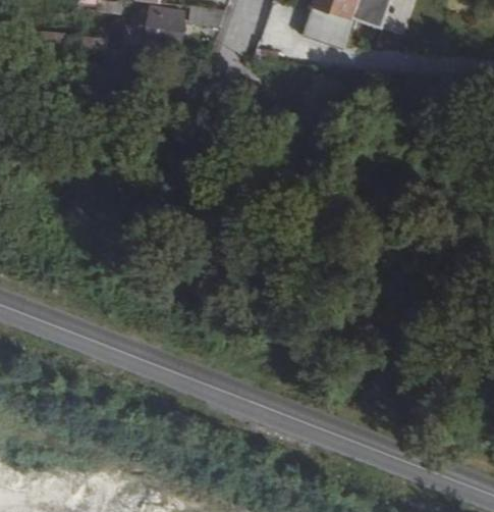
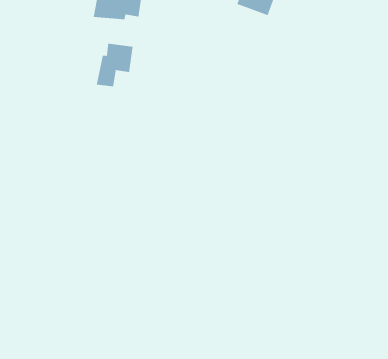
building: none -> [96,43,133,87]

